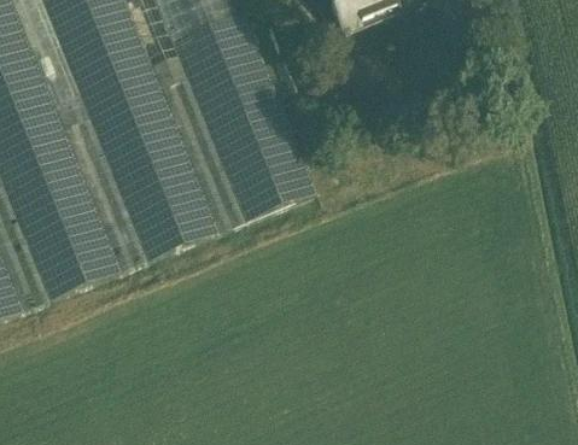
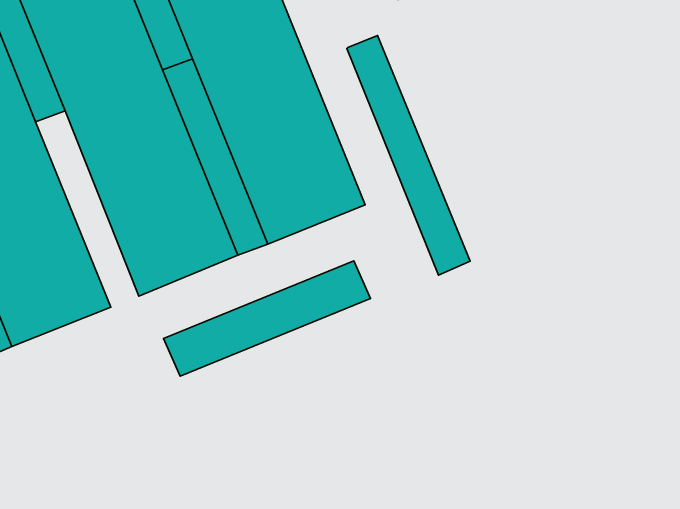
building: none -> [347,36,470,275]
building: [58,119,138,270] -> none
building: none -> [164,261,370,376]

